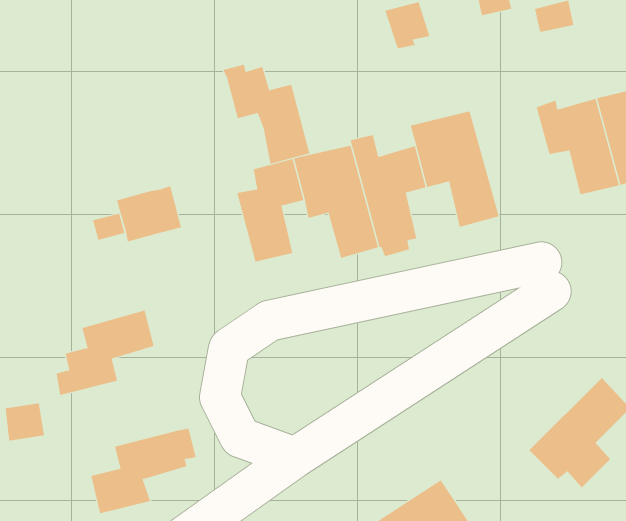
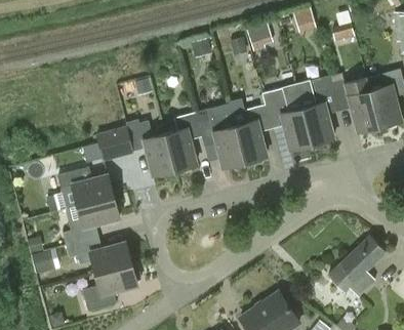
building: [223,64,310,165] -> [125,120,174,176]
building: none -> [295,76,339,145]
building: none -> [57,167,119,209]
building: none -> [65,237,131,274]

